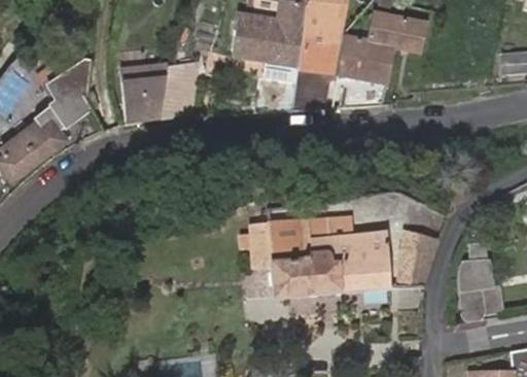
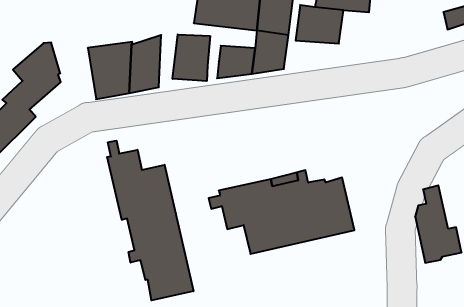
building: none -> [173,34,210,81]
building: none -> [107,141,193,300]
building: [398,227,441,283] -> none

